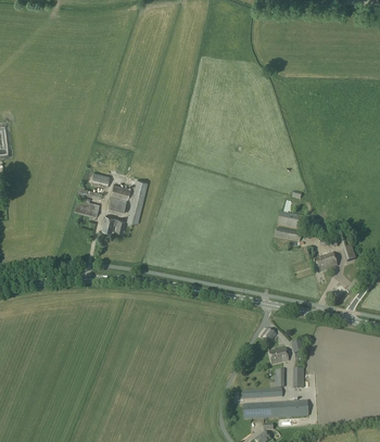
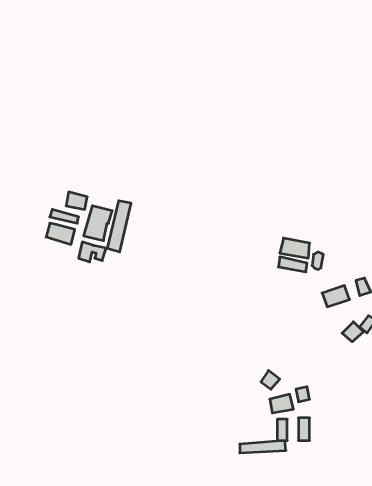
building: [243,402,308,420] -> none

